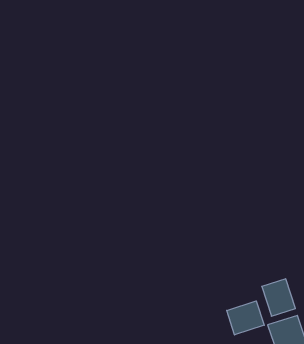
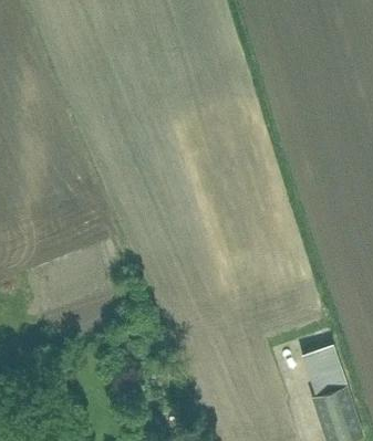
building: [227,301,264,335] -> none

